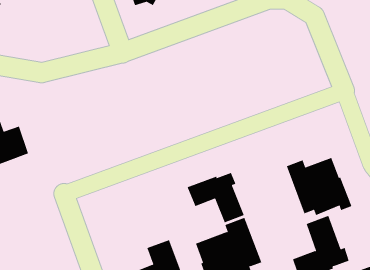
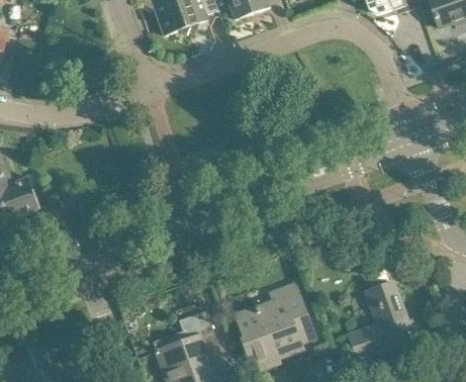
building: [286,157,352,216] -> none
building: [187,172,244,223] -> none

